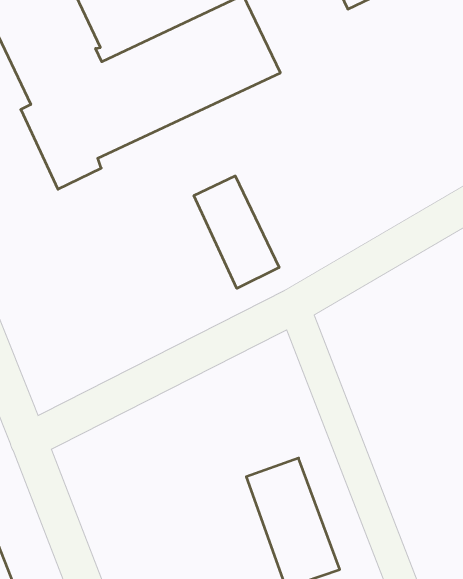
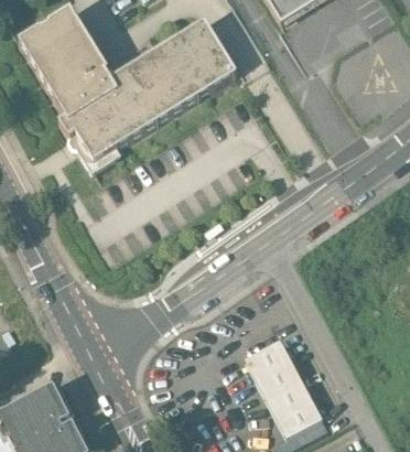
building: [194,176,279,288] -> none

